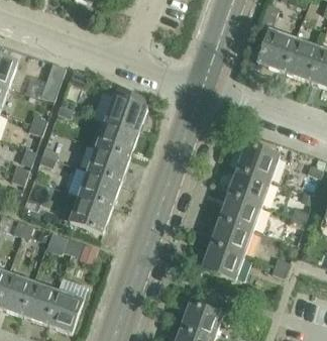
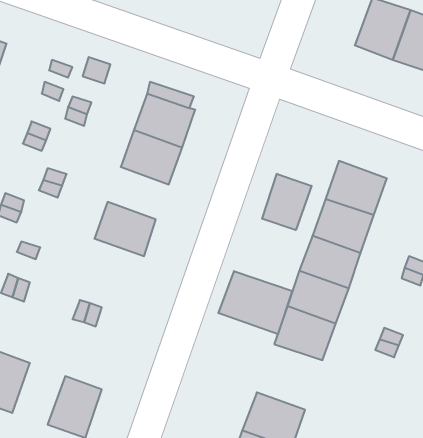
building: [87,145,129,182] -> none
building: none -> [262,174,312,230]
building: [70,195,112,232] -> none
building: none -> [218,271,292,334]
building: [21,280,58,323] -> none

